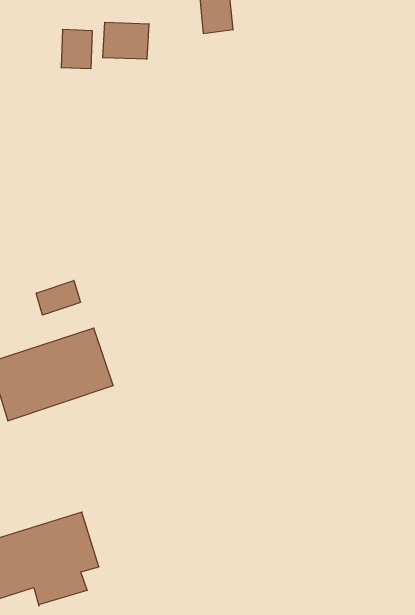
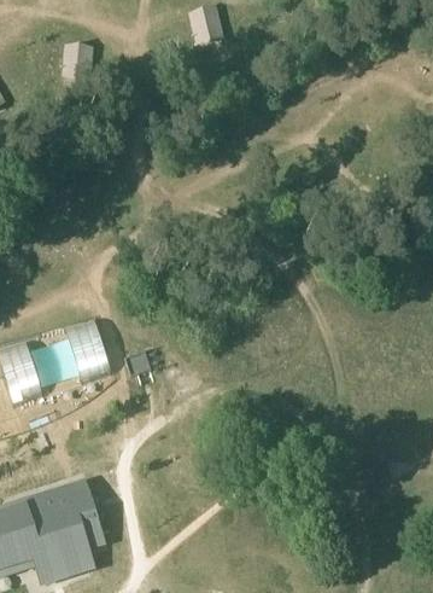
building: [103,22,149,59] -> none
building: [36,280,80,315] -> none

